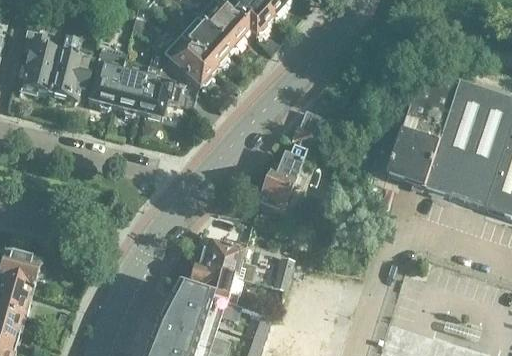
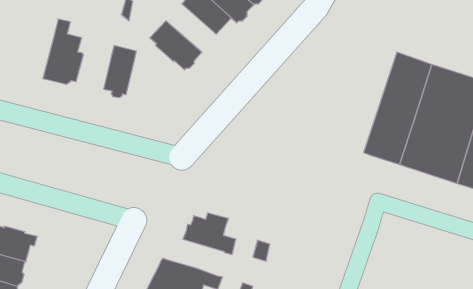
building: [180,17,233,68] -> none
building: [21,20,61,96] -> none
building: [138,45,188,119] -> none
building: [89,55,125,110] -> none
building: [259,110,328,211] -> none
building: [186,265,242,305] -> none

